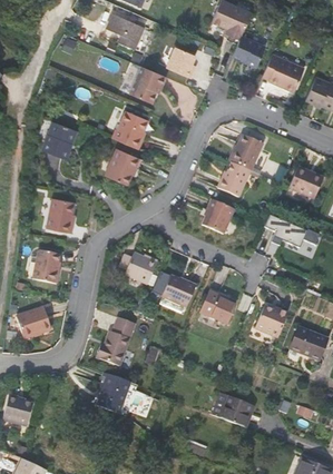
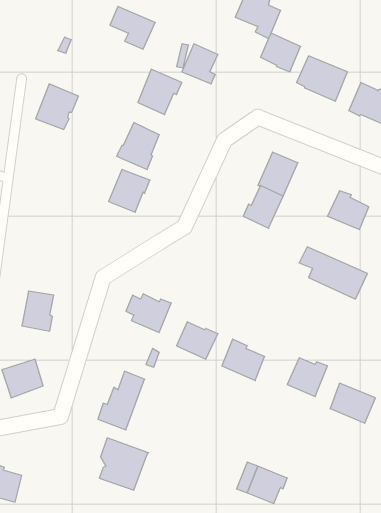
building: [41,120,77,158] -> [36,84,78,129]
building: [47,197,74,233] -> none
building: [202,198,234,234] -> none

